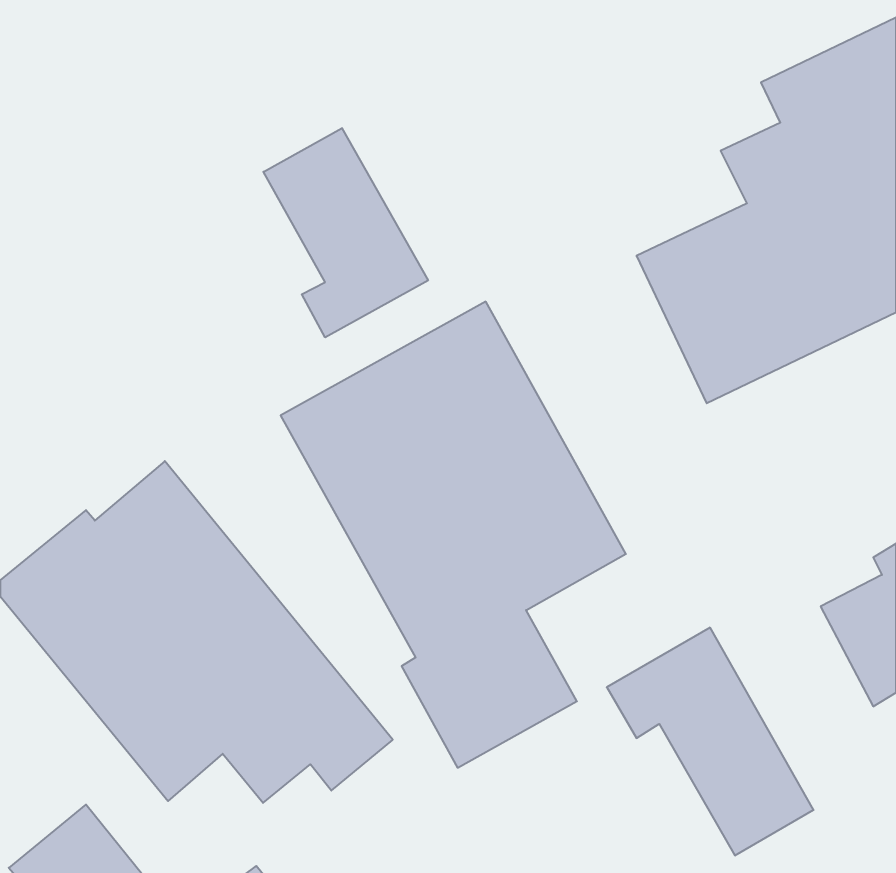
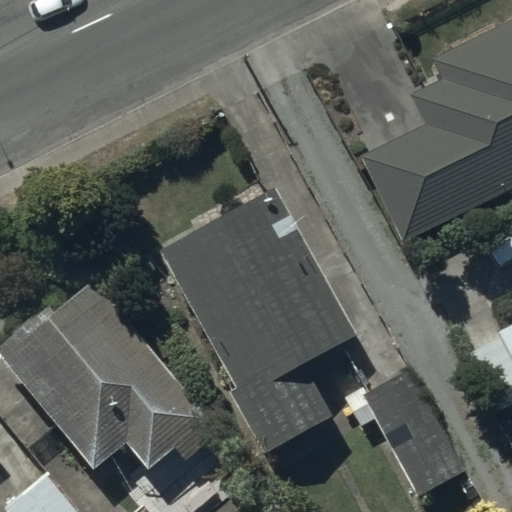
building: [263,128,428,337] -> none

